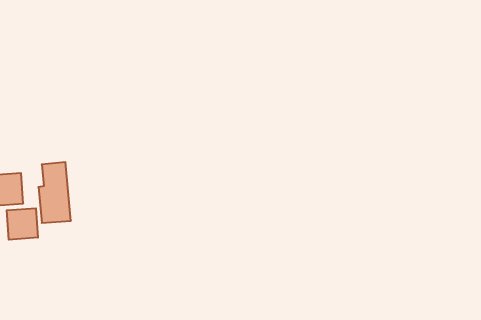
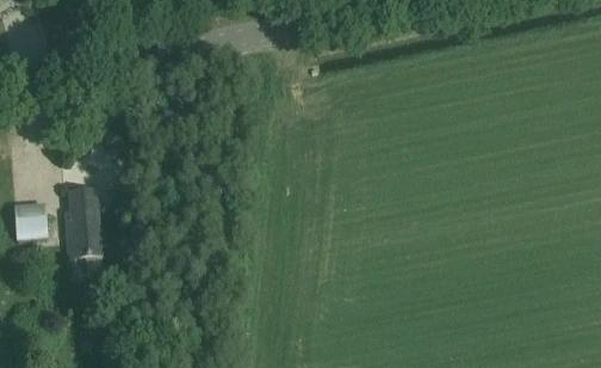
building: [7,208,38,240] -> none

